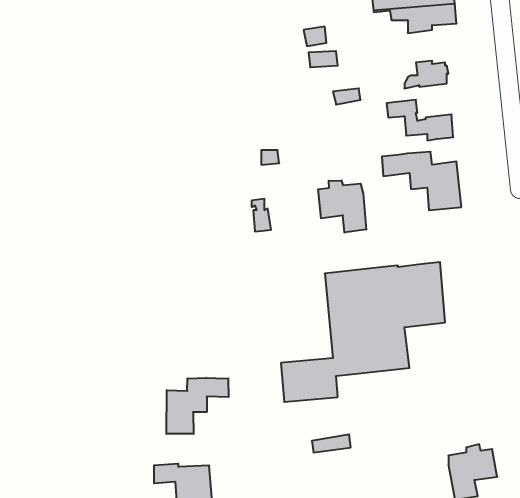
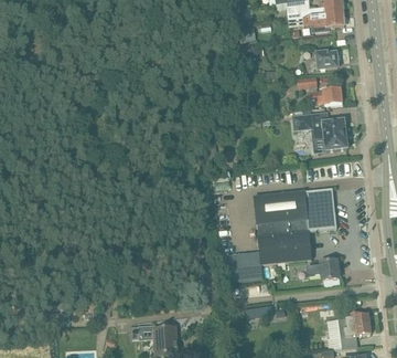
building: [318,180,366,233] -> none
building: none -> [305,260,340,280]
building: [166,378,229,434] -> none

